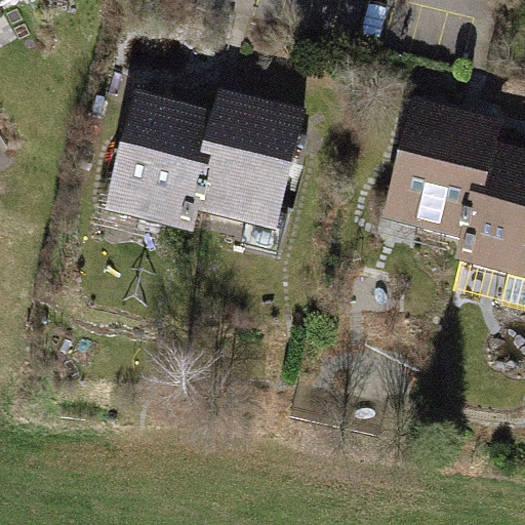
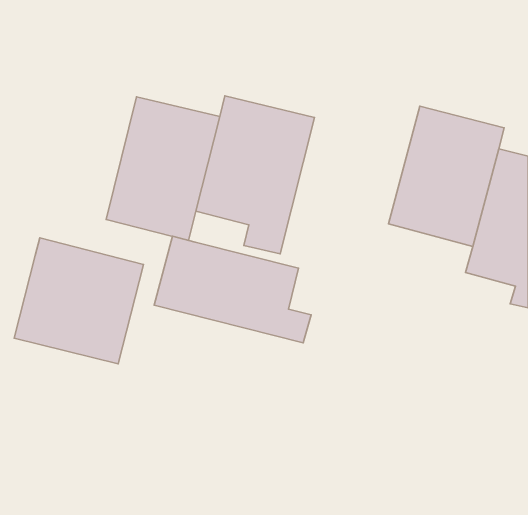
building: none -> [154,236,311,343]
building: none -> [14,238,143,364]

